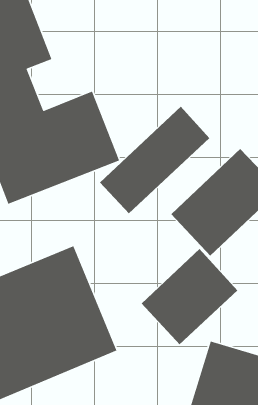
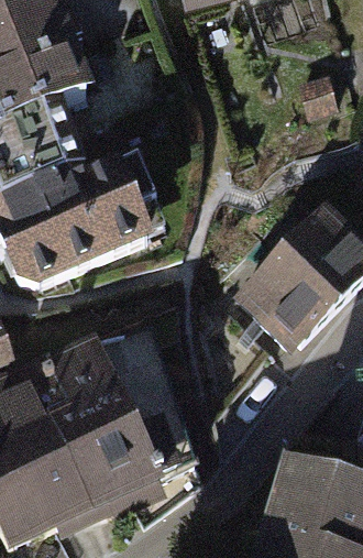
building: [99,106,210,214] -> none
building: [141,248,238,345] -> none

